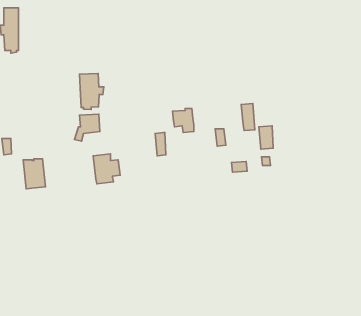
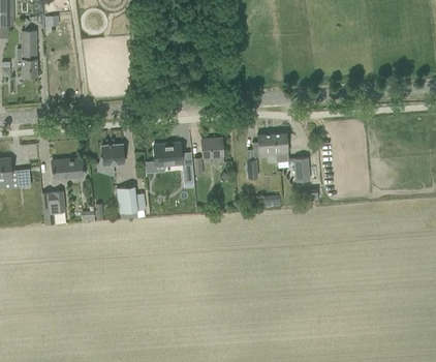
building: [79,73,104,109] -> none
building: none -> [253,133,278,162]
building: none -> [154,143,182,163]
building: none -> [52,158,85,178]

